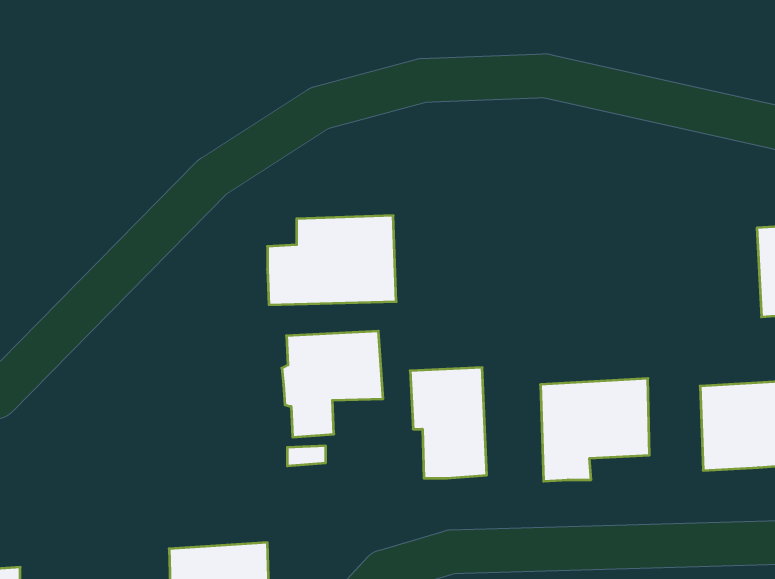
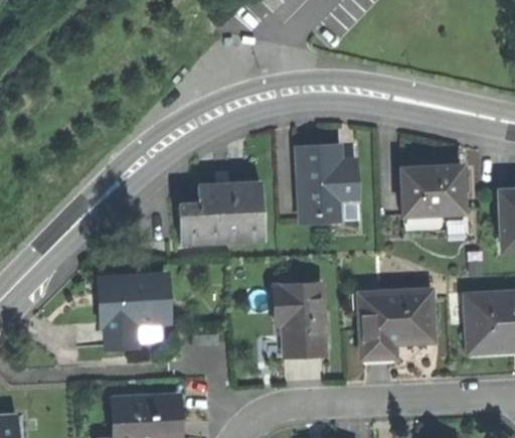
building: none -> [298,147,359,223]
building: none -> [400,166,462,215]
building: [282,331,383,437] -> [104,276,170,345]

